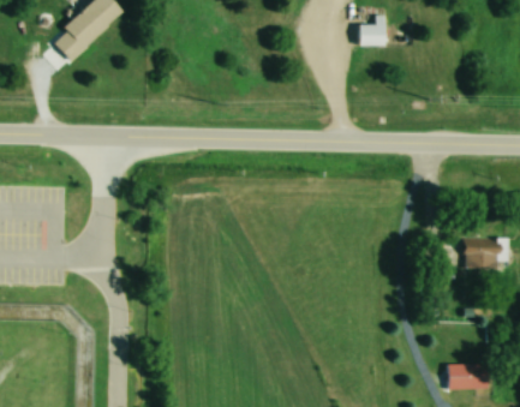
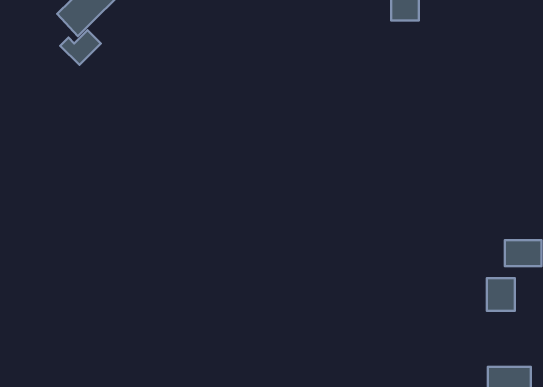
building: none -> [60,30,101,65]
building: none -> [487,278,515,311]

